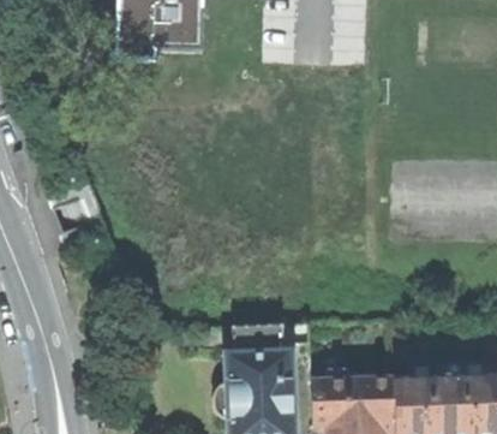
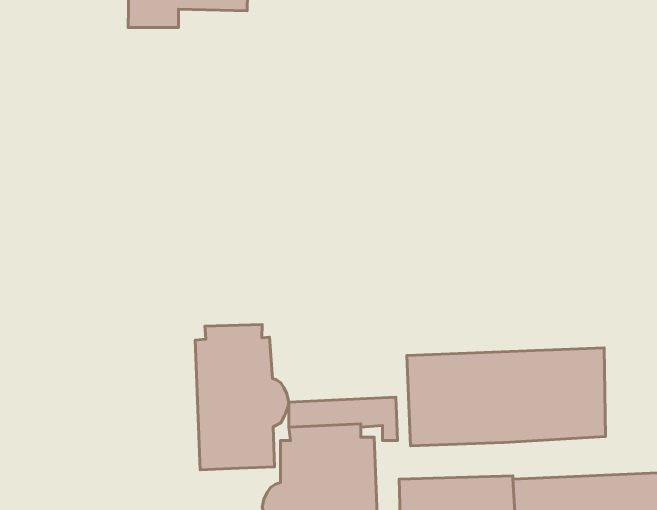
building: none -> [195,324,289,470]
building: none -> [407,348,606,446]

